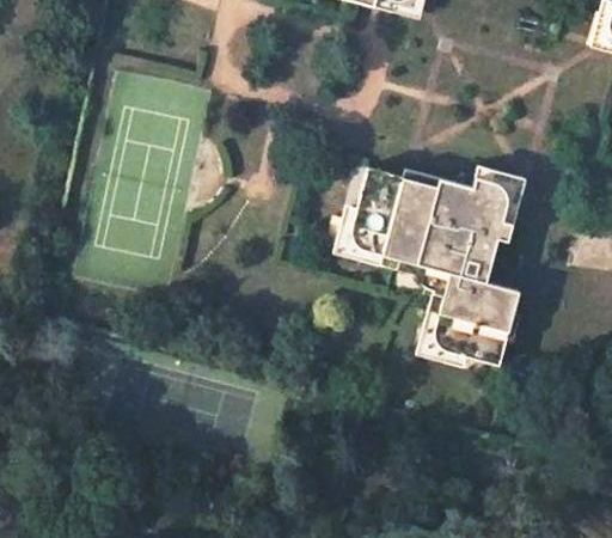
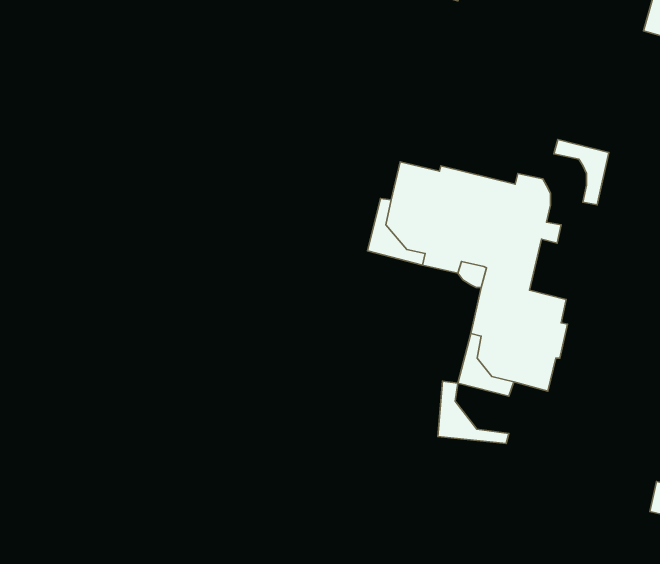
building: [475,161,525,221] -> [554,139,609,205]
building: none -> [438,381,509,443]

